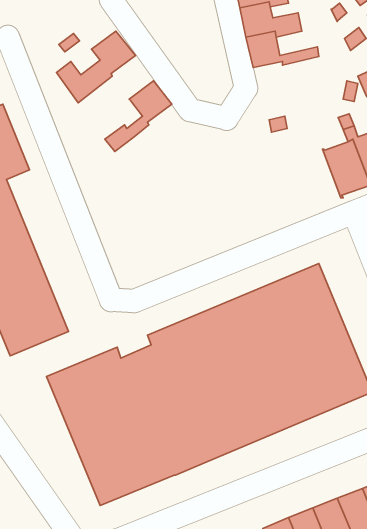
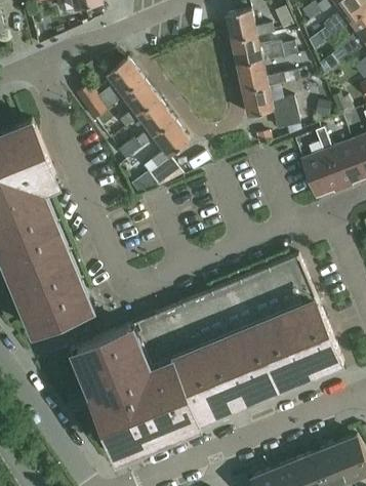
building: none -> [121,79,159,127]
building: none -> [243,84,299,129]
building: none -> [144,120,190,187]

